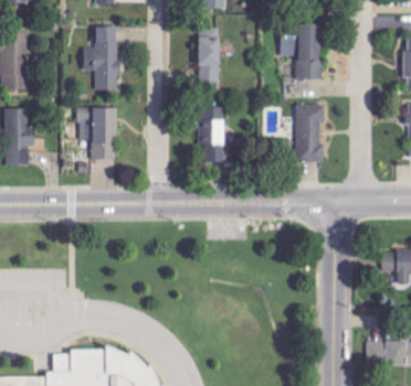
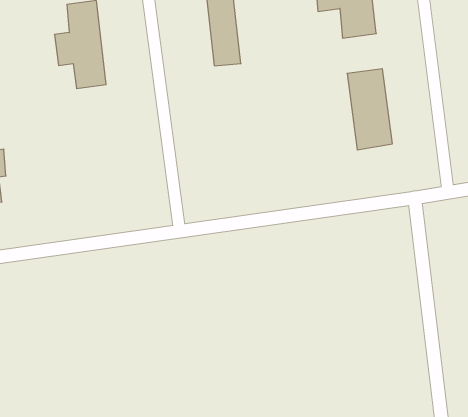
building: [198,106,223,161] -> none
building: [77,107,116,158] -> none

